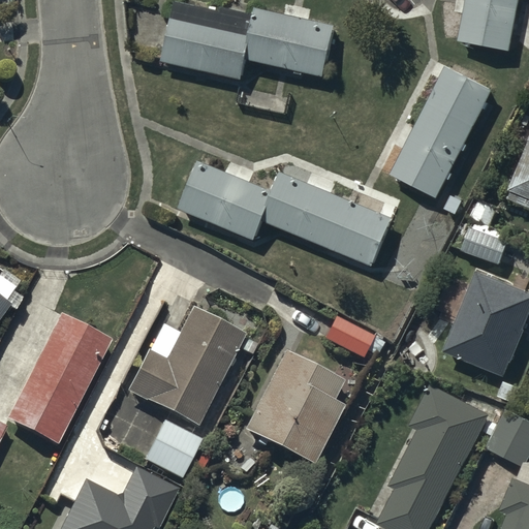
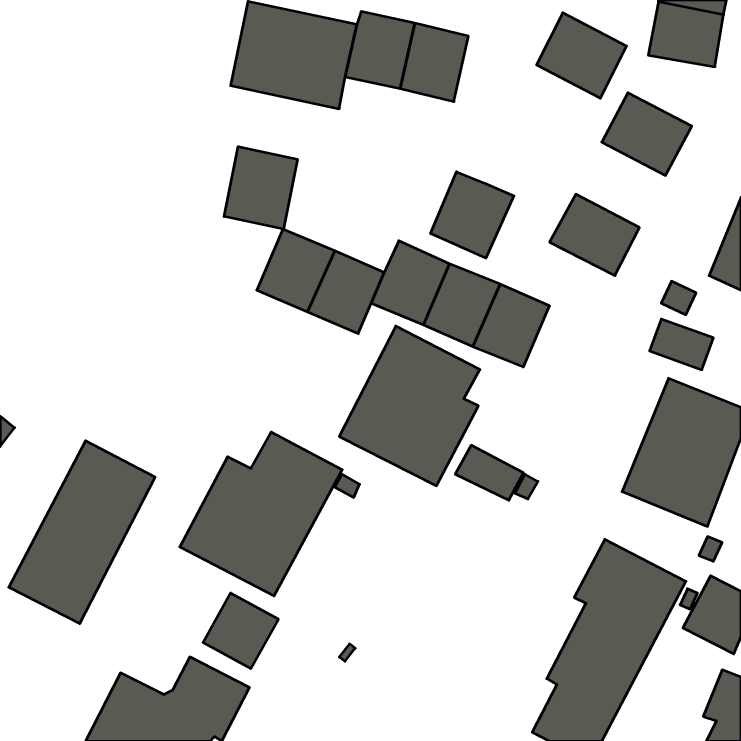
building: [410,101,474,162] -> [537,13,627,98]
building: none -> [224,147,297,229]
building: none -> [431,172,514,258]
building: [244,350,344,464] -> [339,326,480,486]

